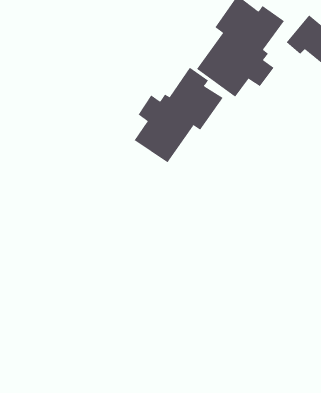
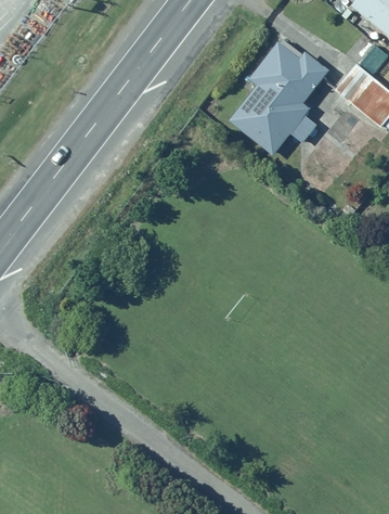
building: [134,67,223,163] -> none

